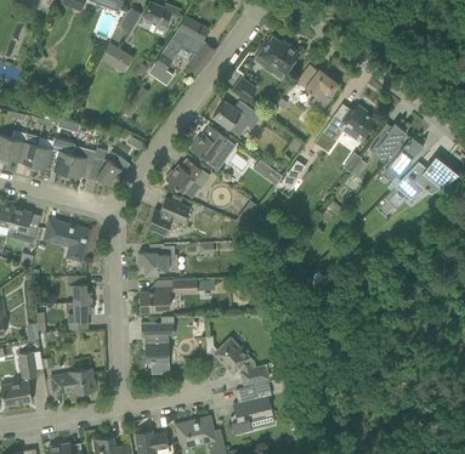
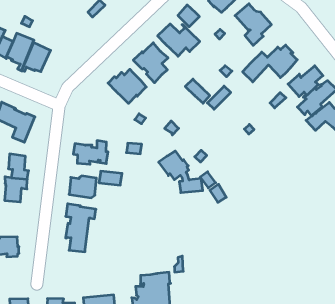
building: [87,147,130,183] -> none
building: [147,197,189,235] -> none
building: [214,337,268,384] -> [159,151,203,193]

